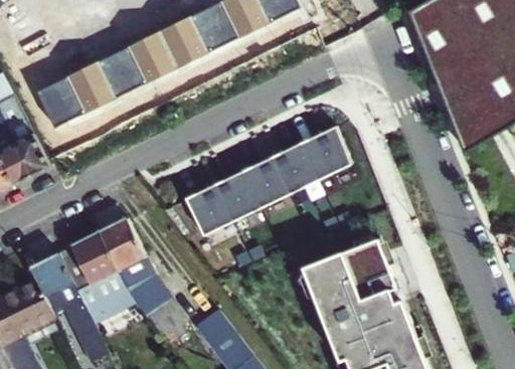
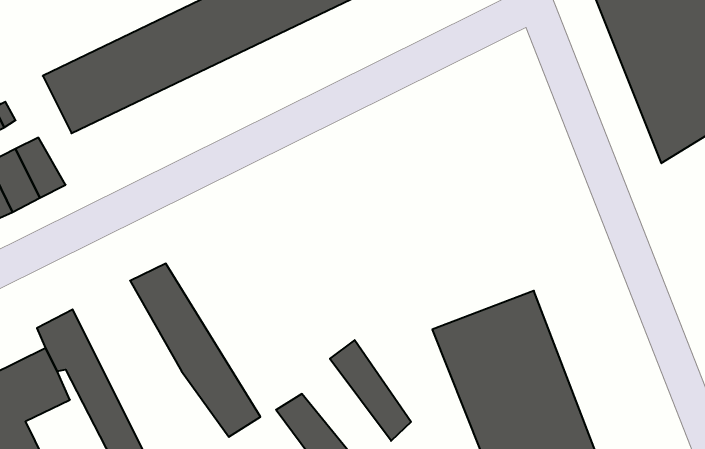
building: [183,126,351,236] -> none
building: [54,233,131,318] -> none
building: none -> [330,340,411,441]

